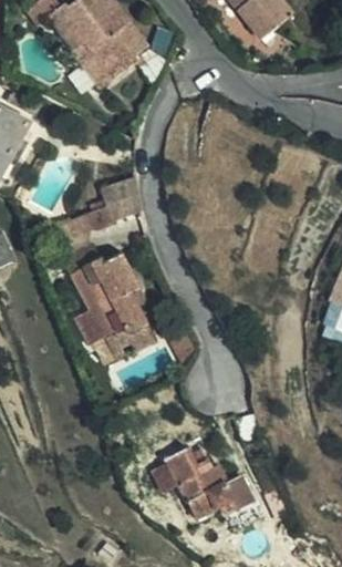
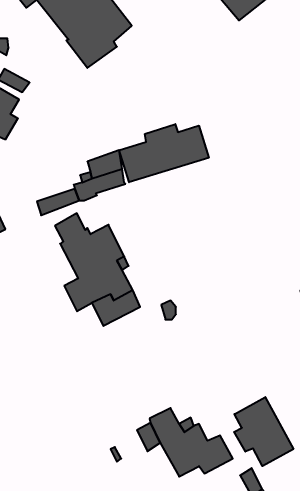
building: none -> [119,124,209,182]
building: none -> [234,397,293,466]

